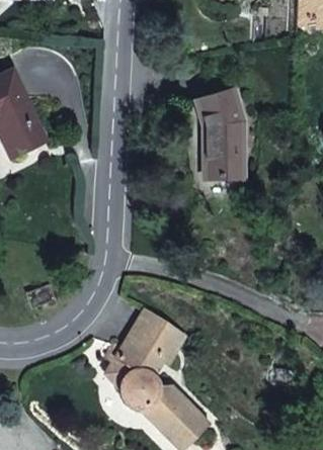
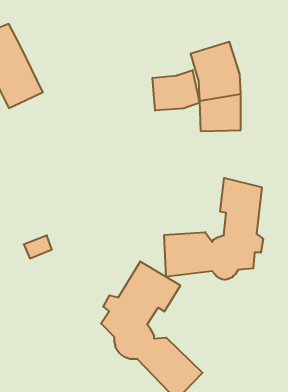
building: none -> [153,70,200,111]
building: none -> [164,178,263,280]

